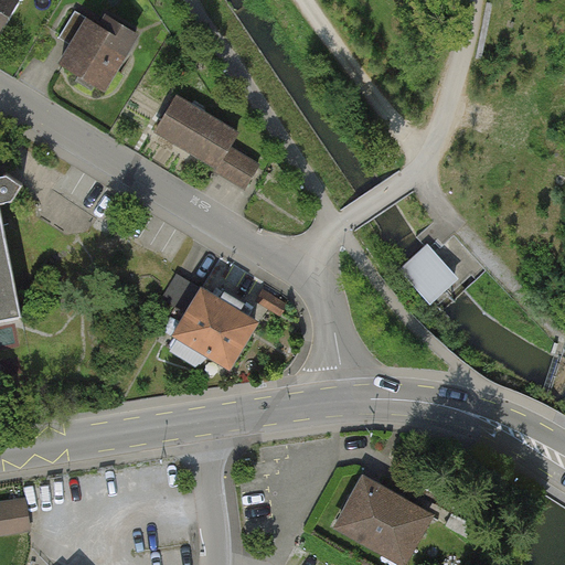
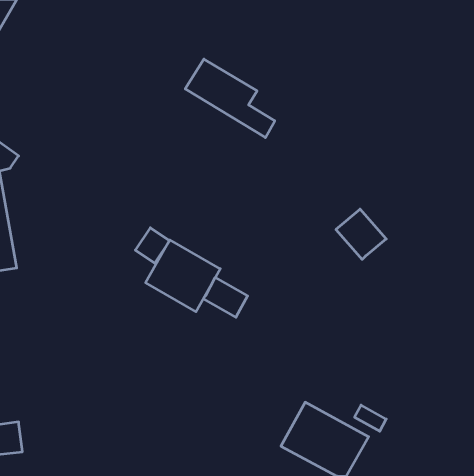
building: [56,8,138,93] -> none
building: [152,95,258,188] -> [185,59,275,138]
building: none -> [204,277,248,317]

